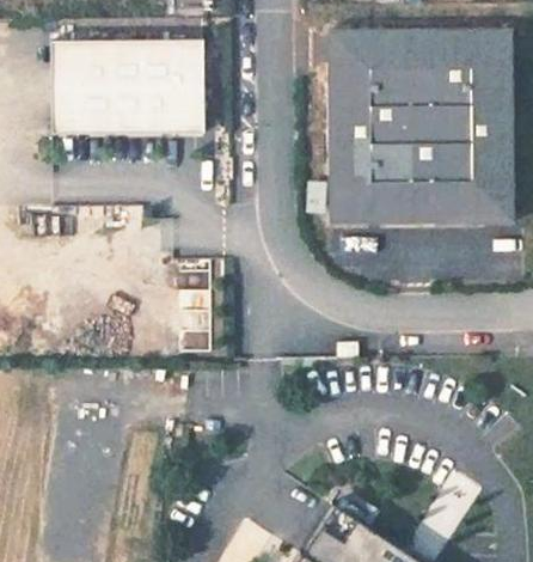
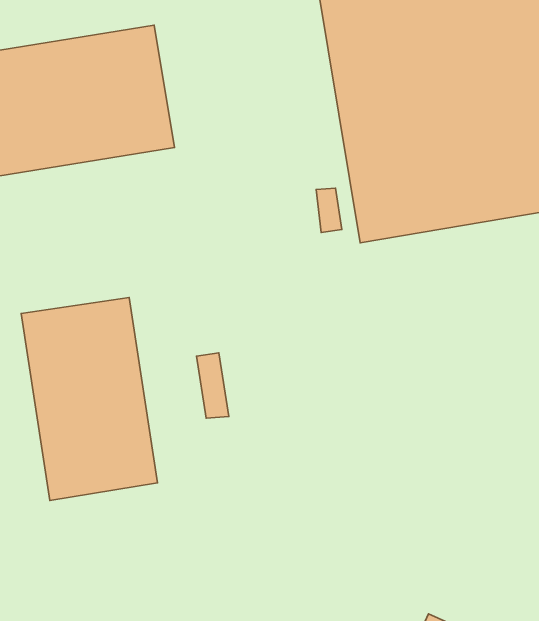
building: none -> [21,297,158,500]

